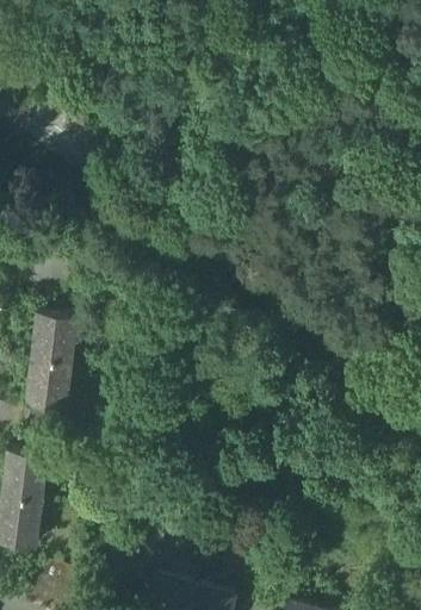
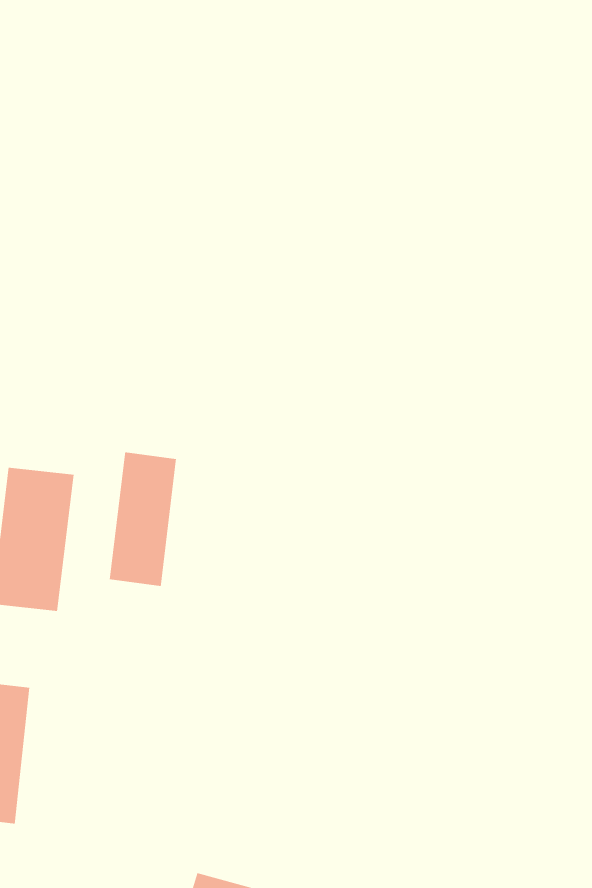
building: none -> [109,452,177,587]

